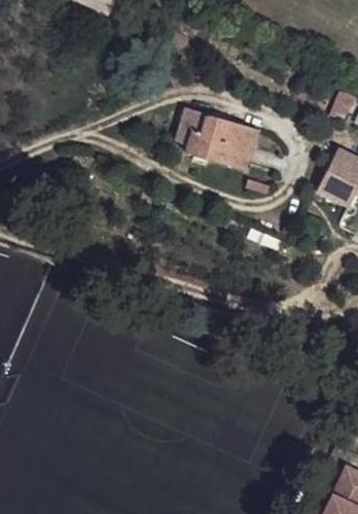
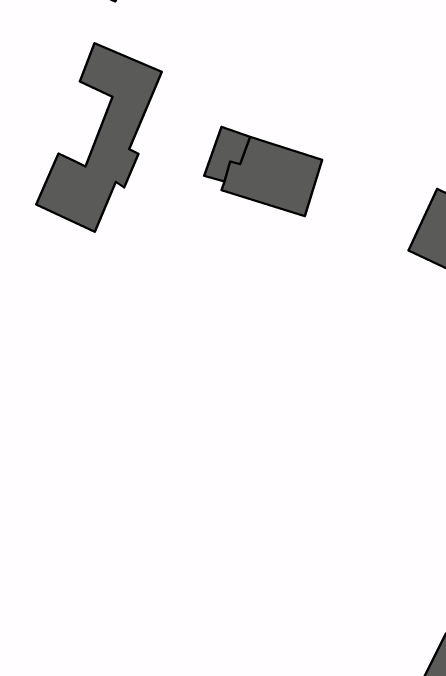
building: none -> [36,43,162,232]

